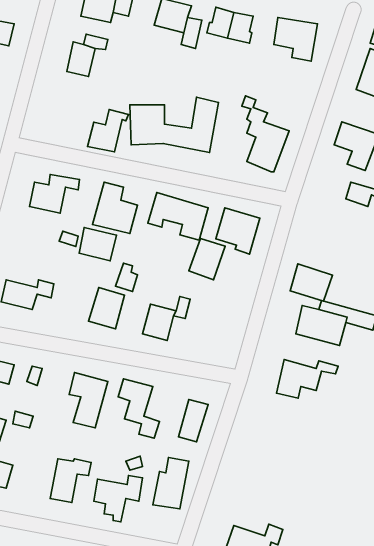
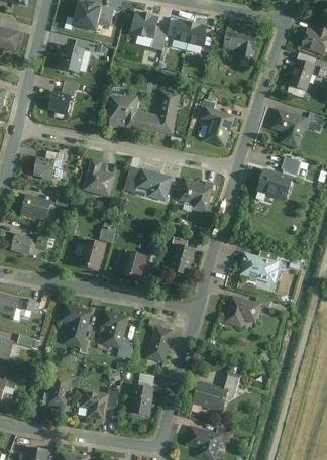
building: [87,109,129,152] -> [46,80,79,113]
building: [79,227,116,261] -> [17,194,46,220]
building: [189,239,225,280] -> [168,243,196,275]
building: [290,264,333,301] -> [255,168,289,198]
building: none -> [193,372,241,412]

